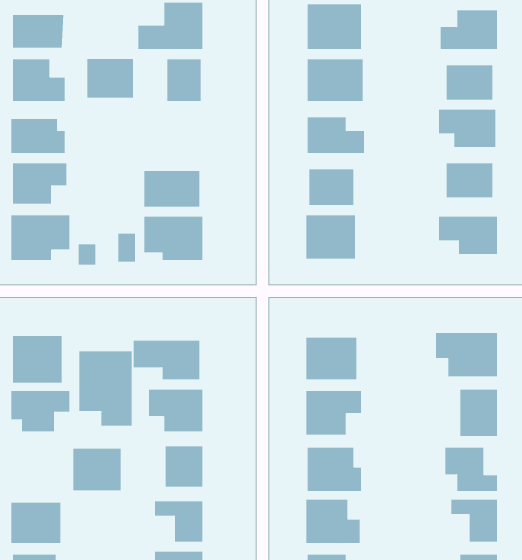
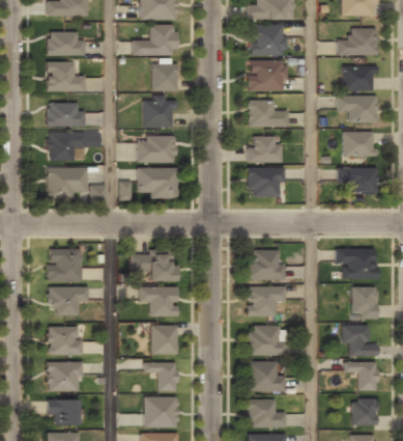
building: [87,58,134,98] -> [142,100,174,127]
building: [79,351,132,427] -> none
building: [73,448,121,491] -> [47,327,80,356]

